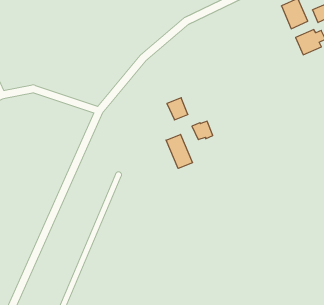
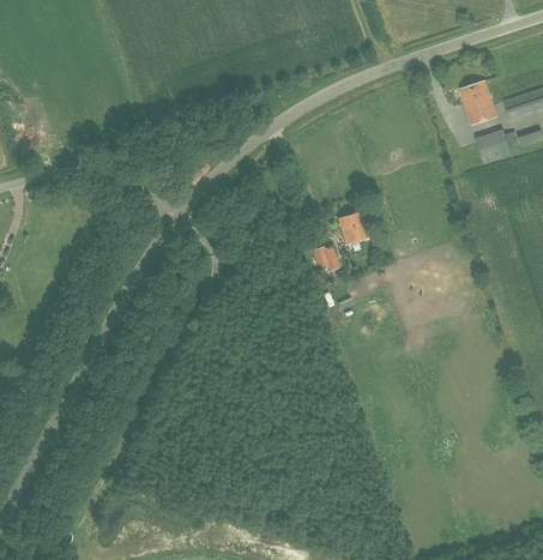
building: [167,98,188,120] -> [338,212,367,243]
building: [166,134,193,168] -> none

